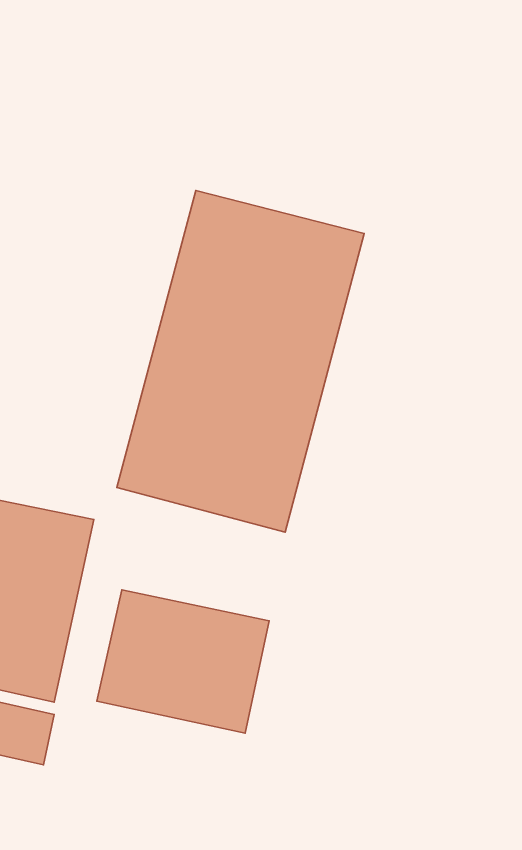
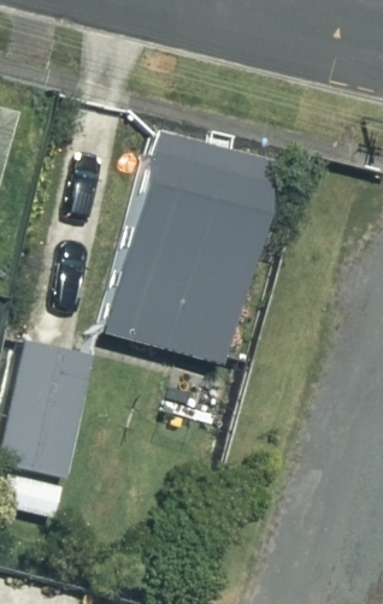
building: [97,590,269,733] -> none

